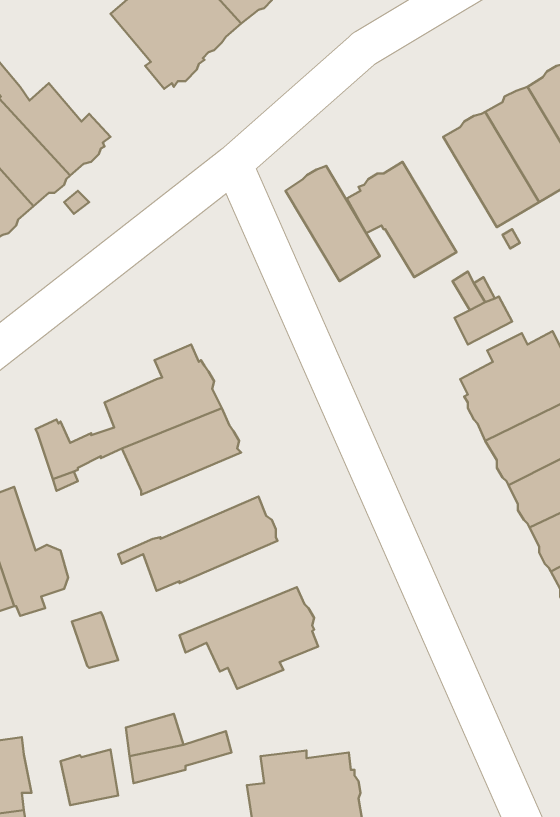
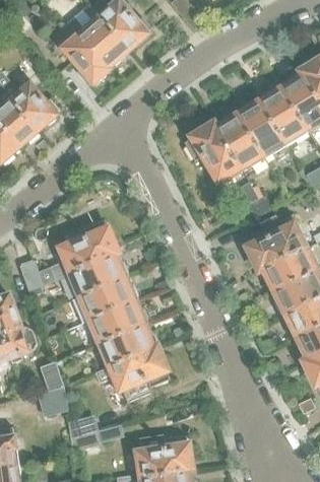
building: [286,166,380,281] -> [214,111,264,171]
building: none -> [72,277,138,323]
building: none -> [95,324,158,373]
building: [60,749,118,805] -> [38,387,68,416]

